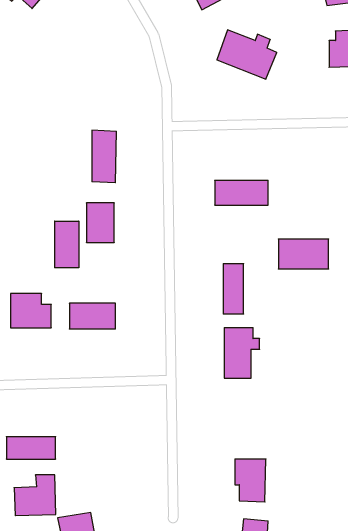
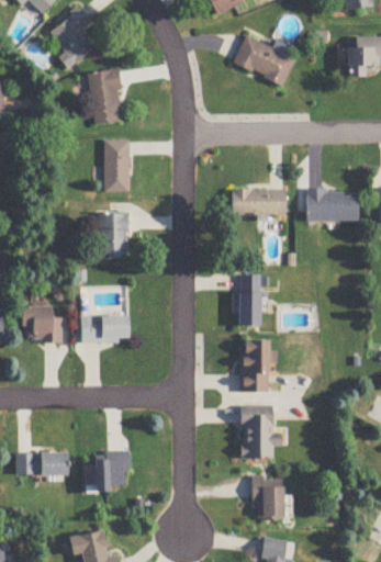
building: none -> [49,8,94,66]
building: none -> [88,68,123,123]
building: [55,221,79,268] -> none
building: [278,239,329,269] -> [306,189,358,220]
building: none -> [240,412,288,459]
building: [14,475,56,516] -> [85,449,127,491]

